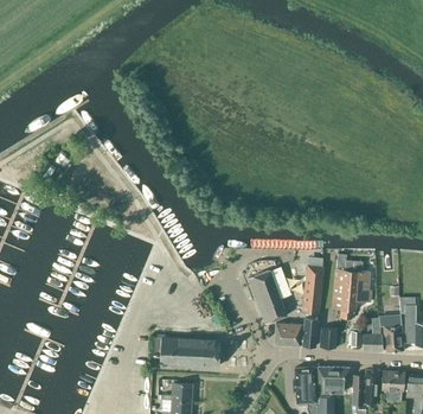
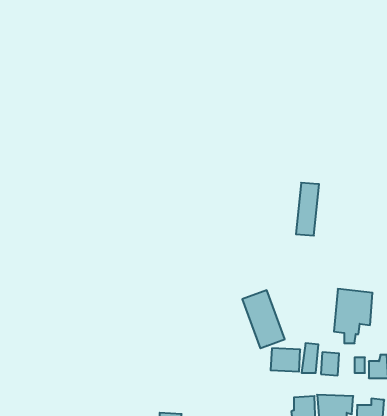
building: [302,265,323,313] -> [296,183,319,236]
building: [153,336,224,365] -> none

